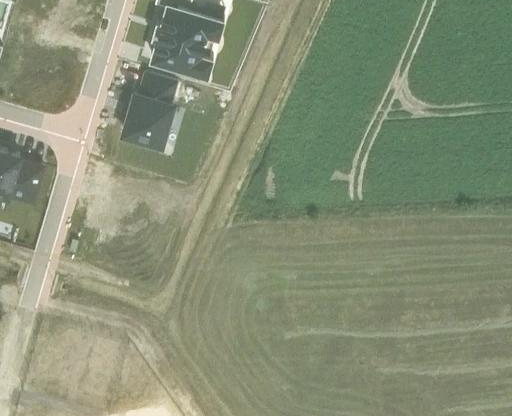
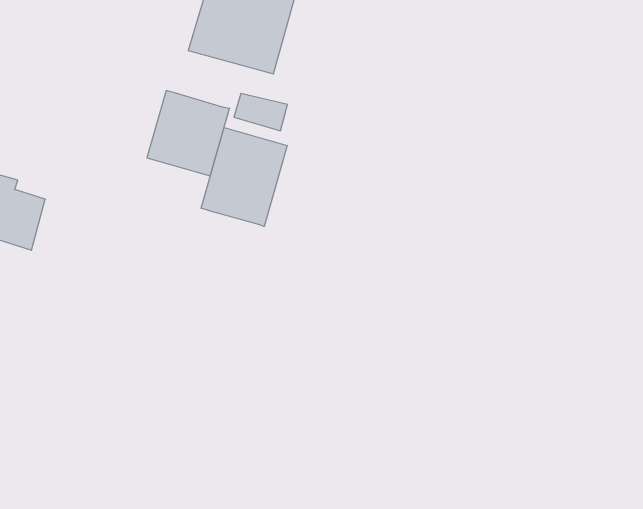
building: [139,73,178,100] -> [234,94,287,131]
building: none -> [201,127,287,227]

